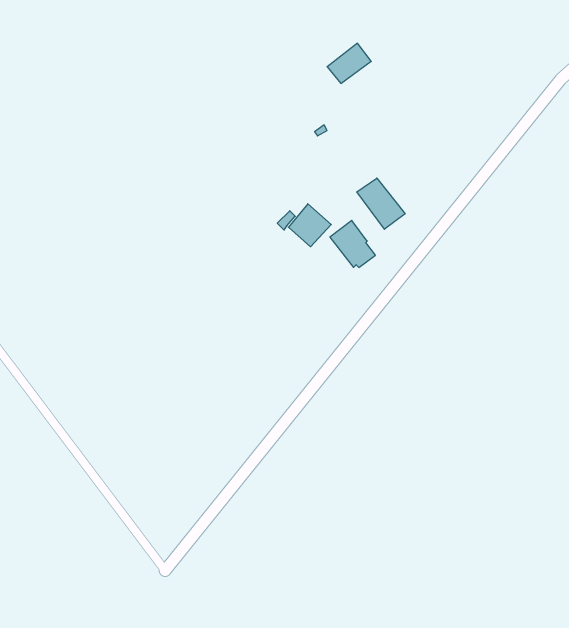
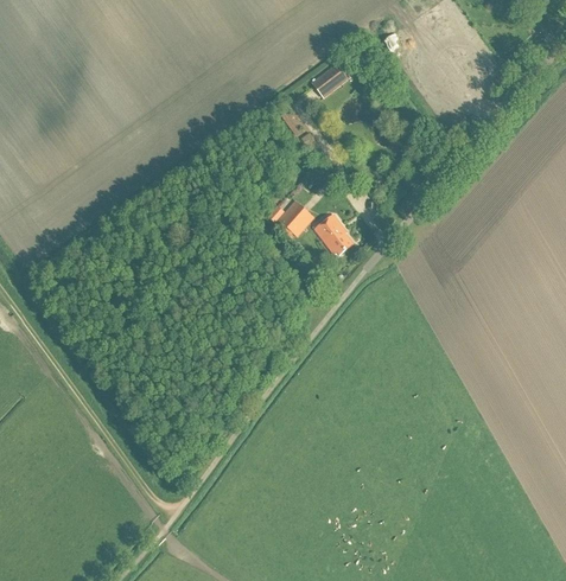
building: [357,178,405,229] -> none

